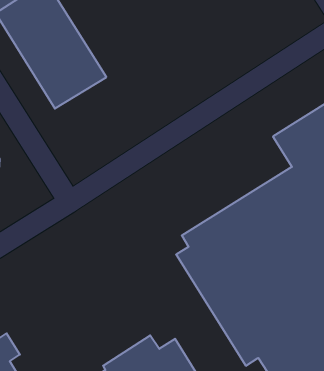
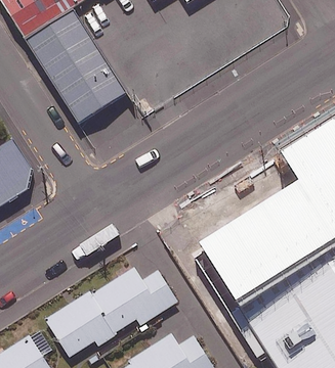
building: none -> [43,266,177,357]

